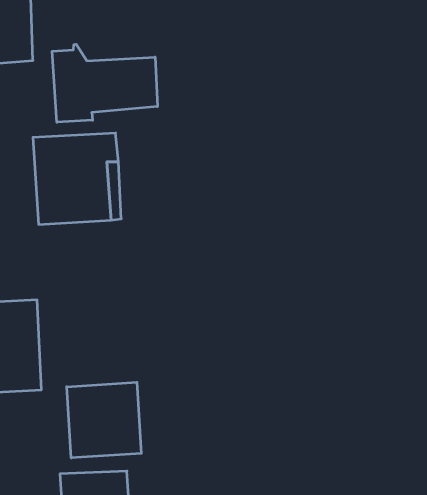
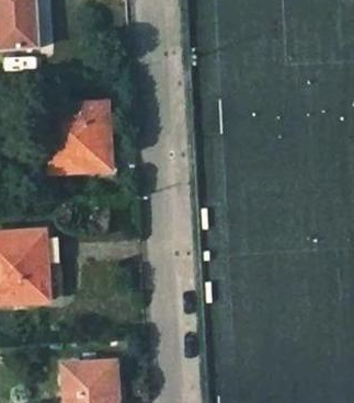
building: [52,44,157,122] -> none
building: [67,382,141,458] -> none

